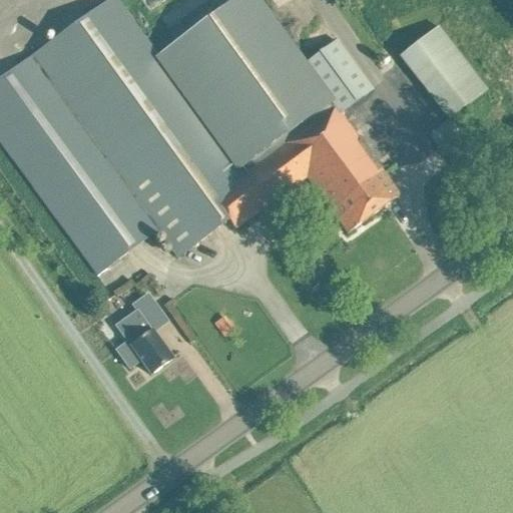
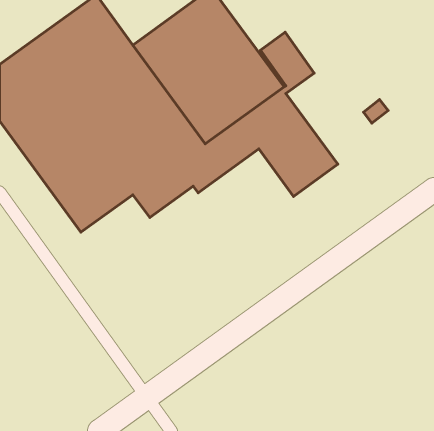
building: [405,21,491,117] -> none
building: [114,293,170,374] -> none

